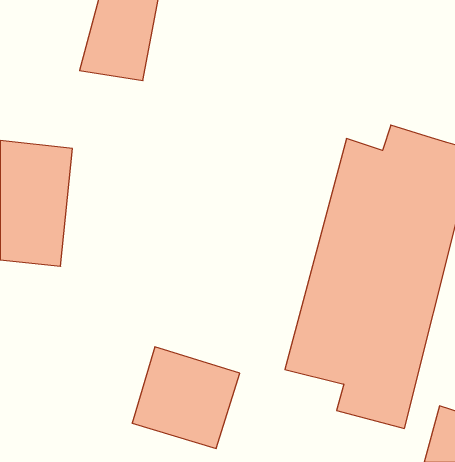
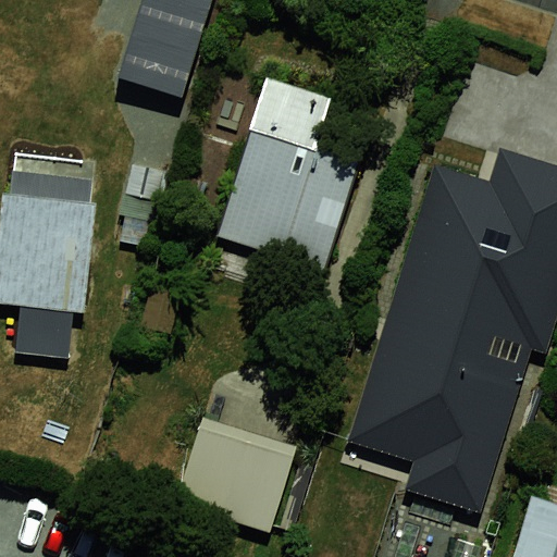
building: none -> [218,76,384,265]

